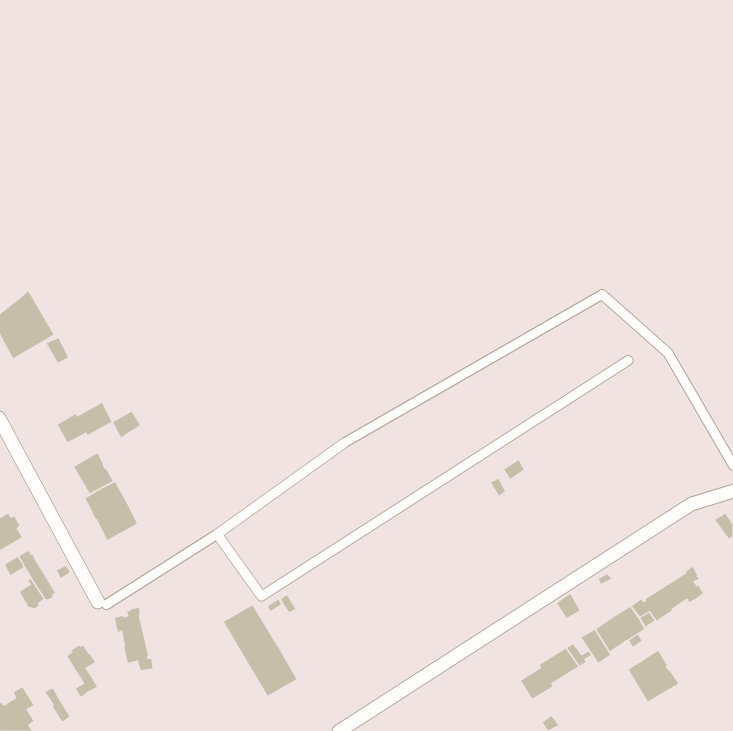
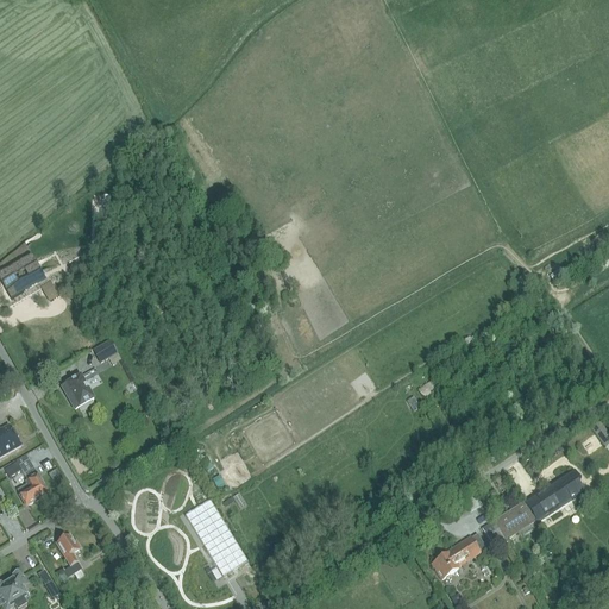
building: [57,402,112,443] -> none
building: [84,481,138,541] -> none
building: [114,607,153,671] -> none
building: [628,650,679,702] -> none

